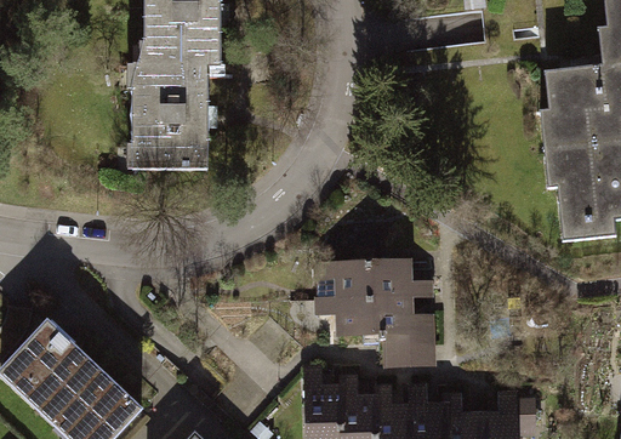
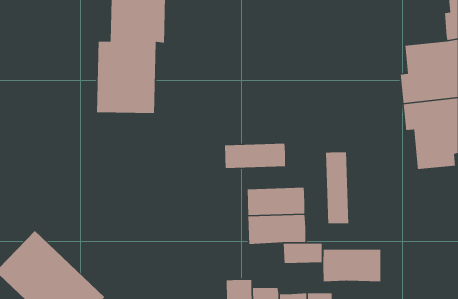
building: none -> [224,143,286,169]
building: none -> [325,151,349,224]
building: none -> [322,249,381,282]

